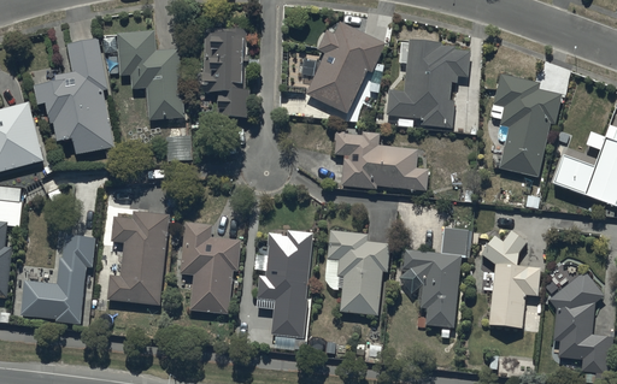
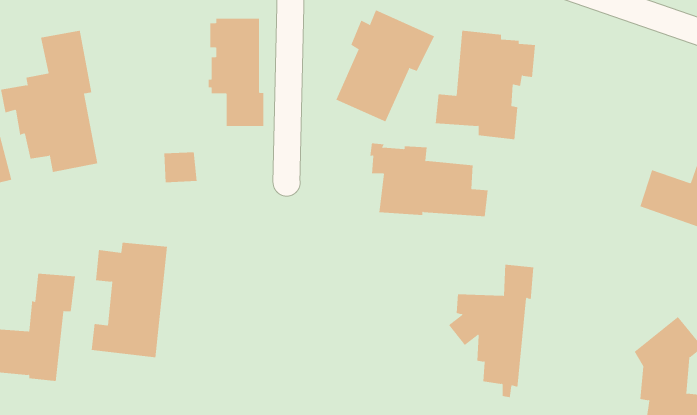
building: [116,31,183,120] -> none
building: [489,73,560,177] -> none
building: [180,223,239,313] -> none
building: [480,230,540,329] -> none
building: [248,231,312,341] -> none
building: [327,231,389,317] -> none

